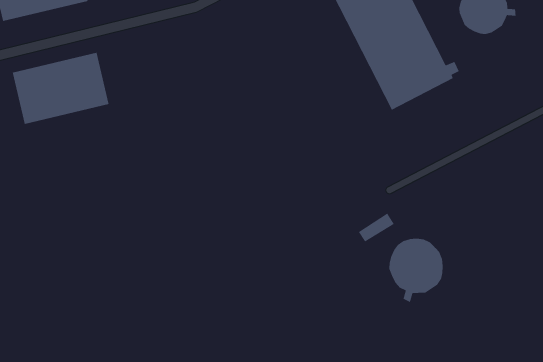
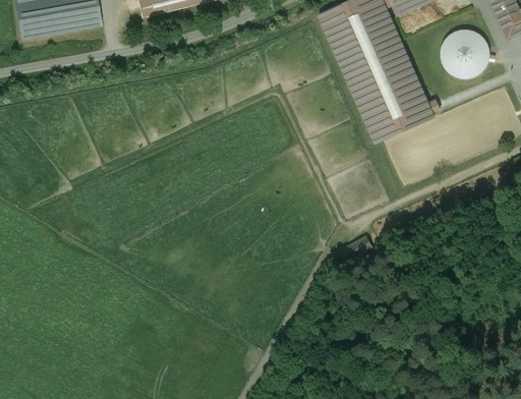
building: [12,52,109,125] -> none
building: [389,238,444,303] -> none

